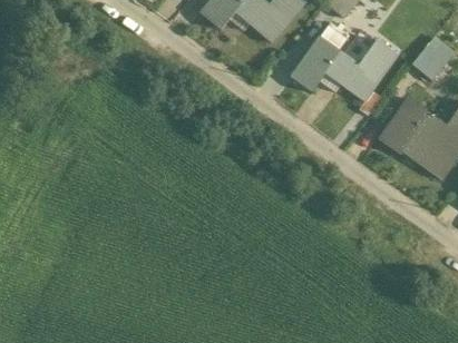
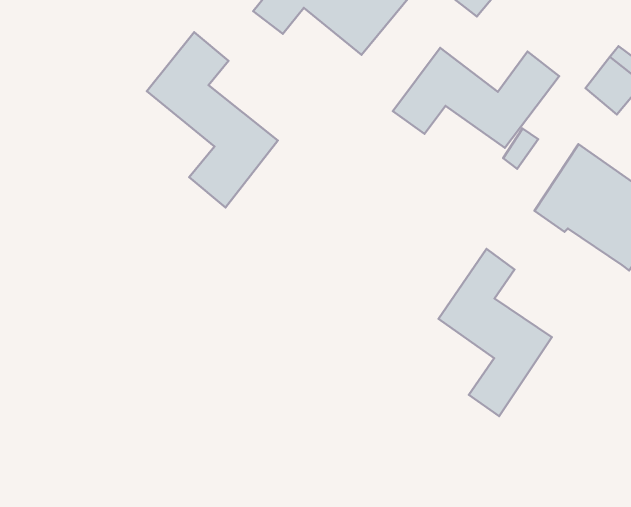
building: none -> [147,32,278,208]
building: none -> [438,249,552,416]

